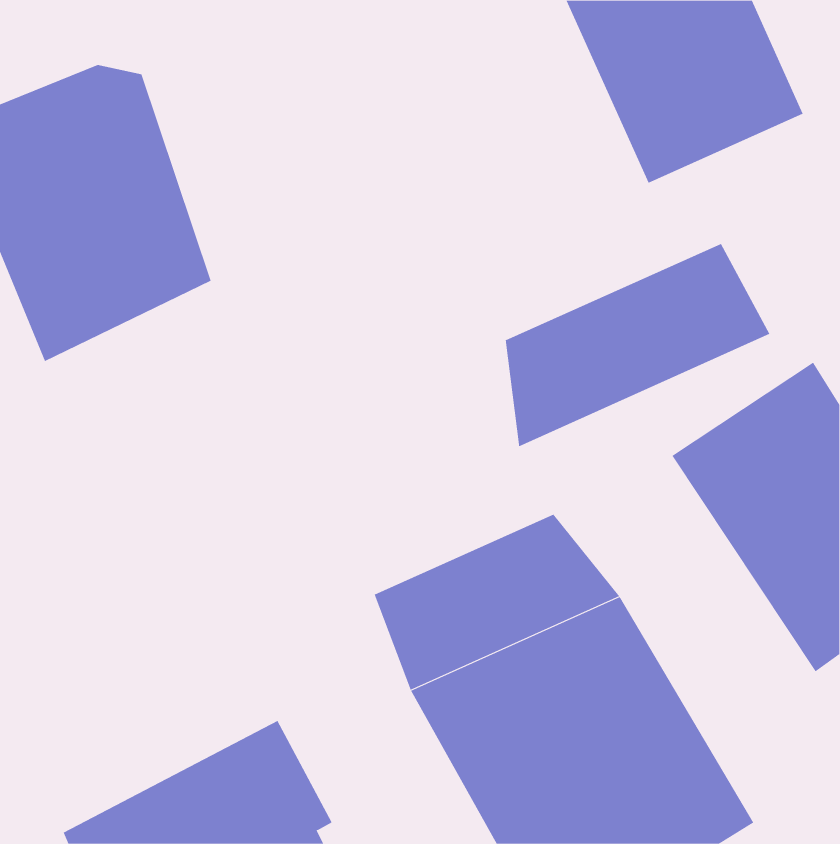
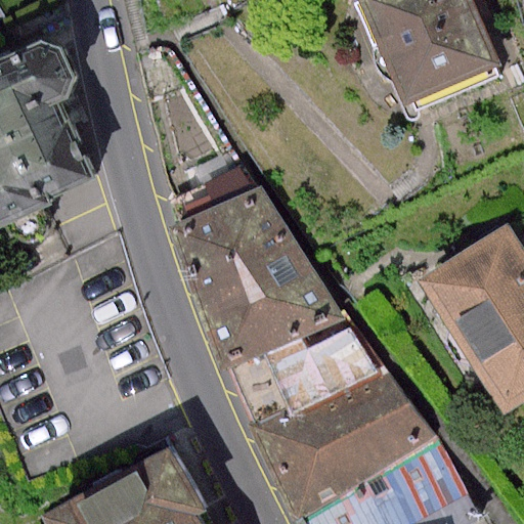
building: [505,243,770,447] -> none
building: none -> [175,189,343,368]

